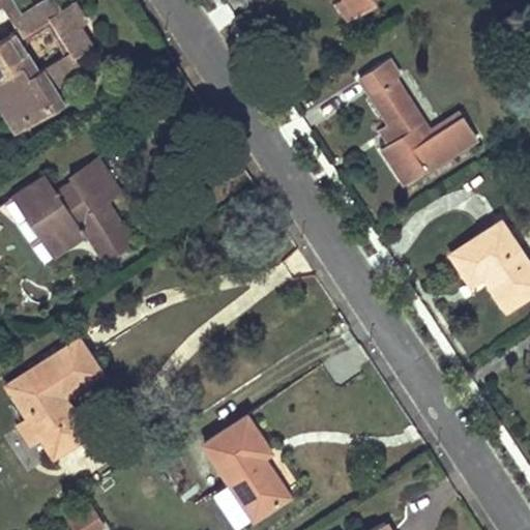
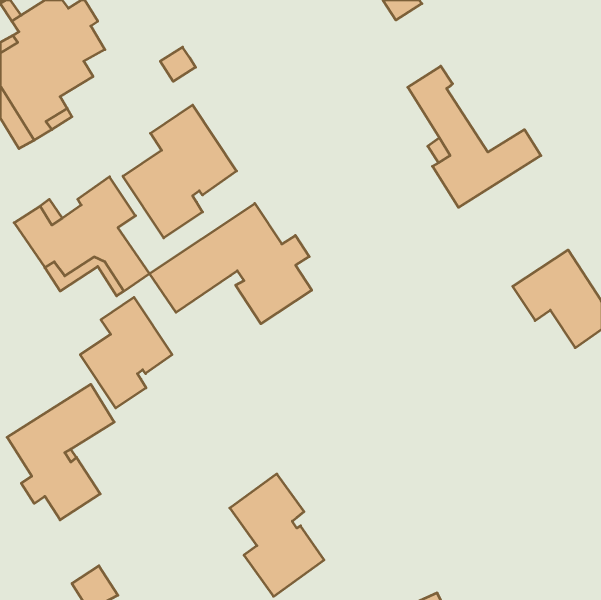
building: none -> [123,105,237,238]
building: none -> [150,203,312,324]
building: none -> [80,297,172,408]

